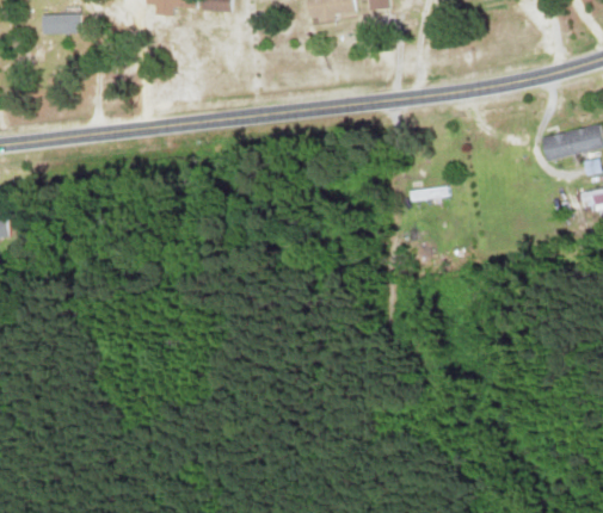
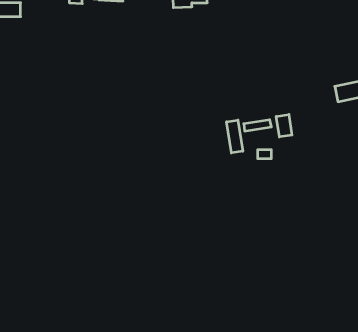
building: none -> [276,114,292,137]
building: none -> [227,120,243,153]

